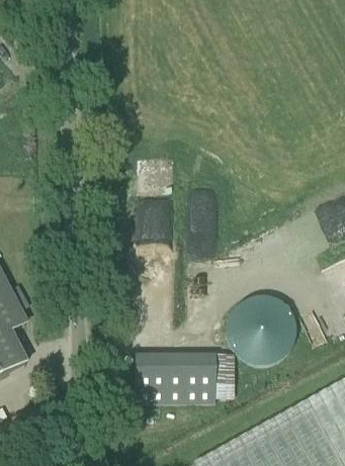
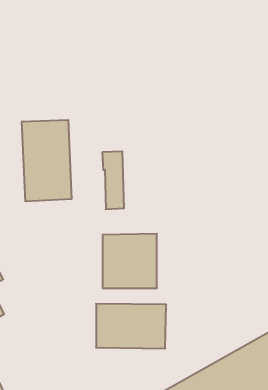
building: none -> [22,120,72,201]
building: [231,297,293,360] -> [103,234,157,288]

